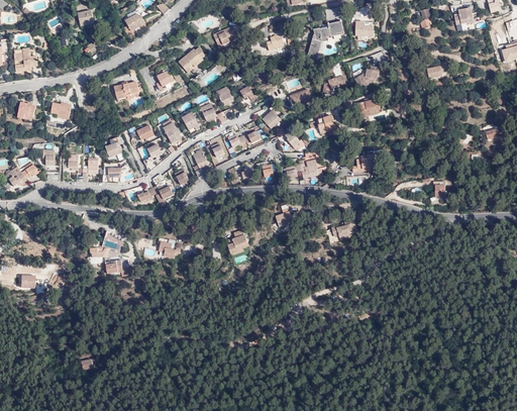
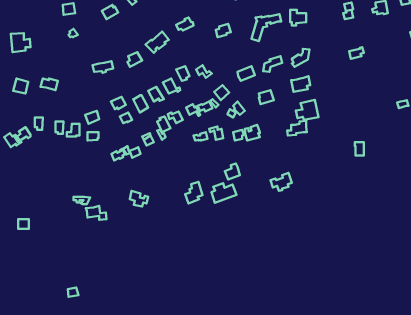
building: none -> [296,100,319,120]
building: none -> [211,183,237,203]

